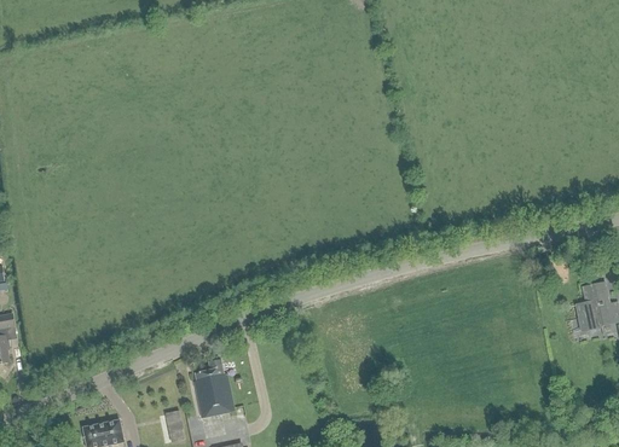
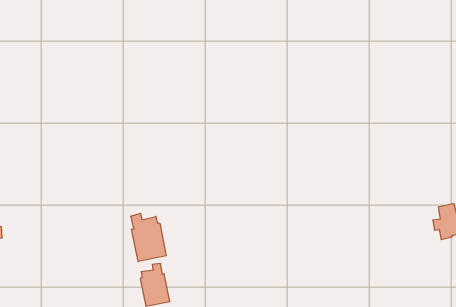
building: none -> [131,213,166,262]

